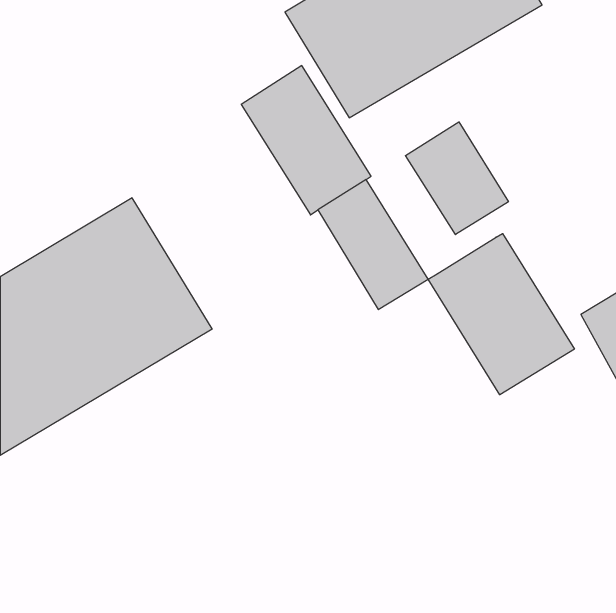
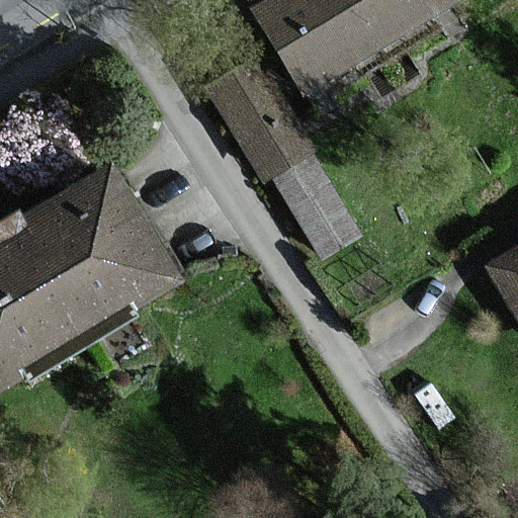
building: [405,122,508,235] -> none
building: [428,234,574,395] -> none

